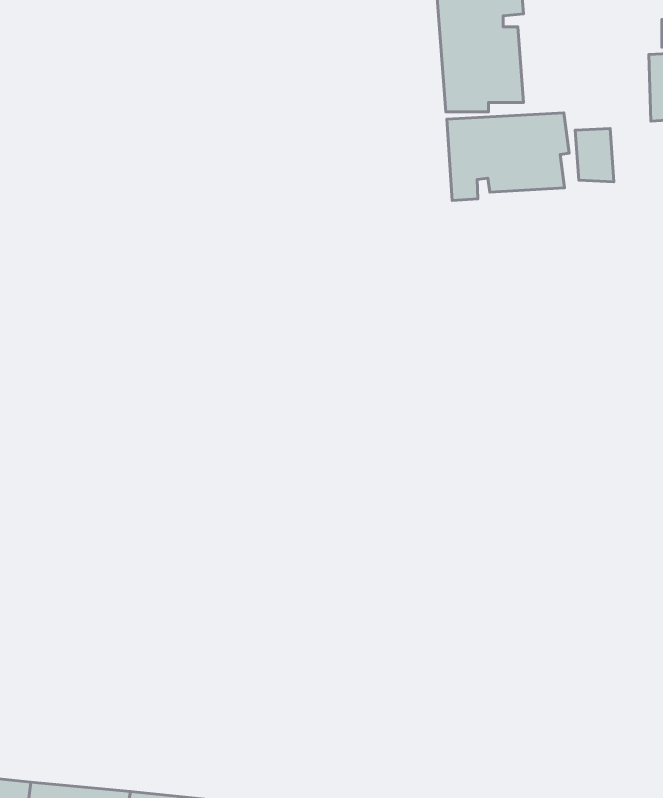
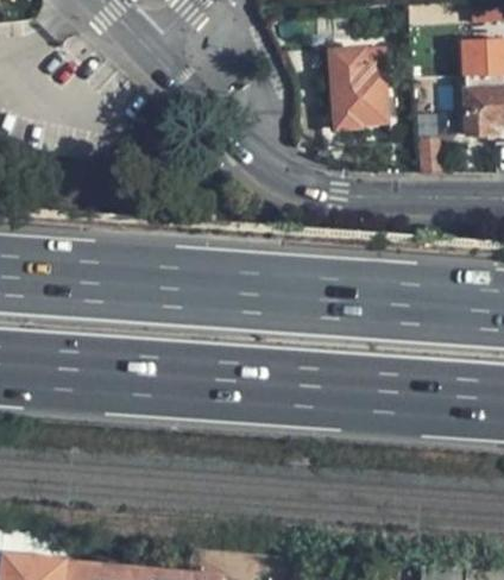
building: [447,113,569,201] -> none

